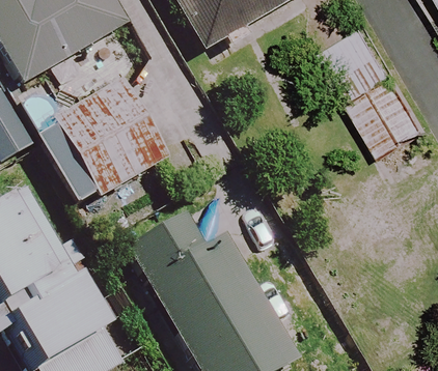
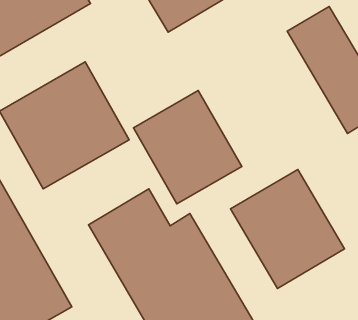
building: none -> [133,90,242,204]
building: none -> [230,169,345,288]

